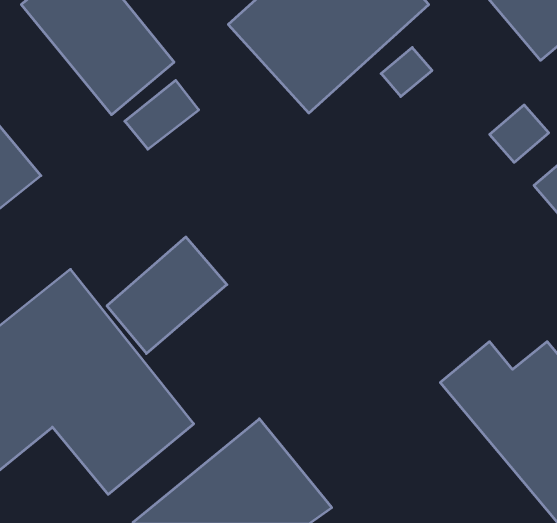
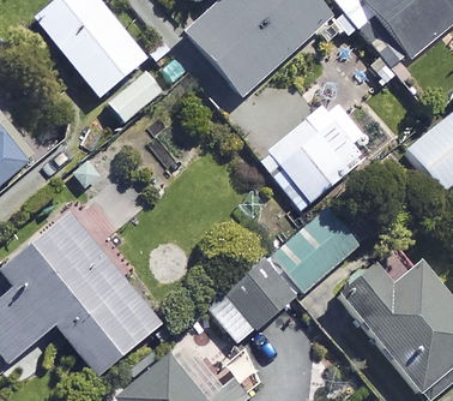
building: none -> [270,96,372,196]
building: [107,237,227,354] -> [210,259,297,345]
building: none -> [276,211,357,291]

